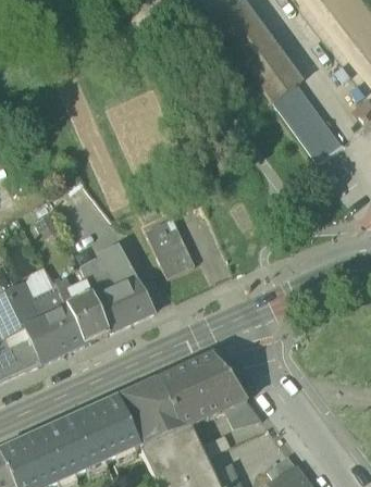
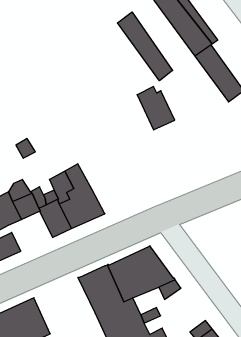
building: none -> [117,12,173,81]
building: [145,220,195,277] -> [137,87,175,130]
building: [25,308,84,361] -> none
building: [59,396,140,471] -> none

